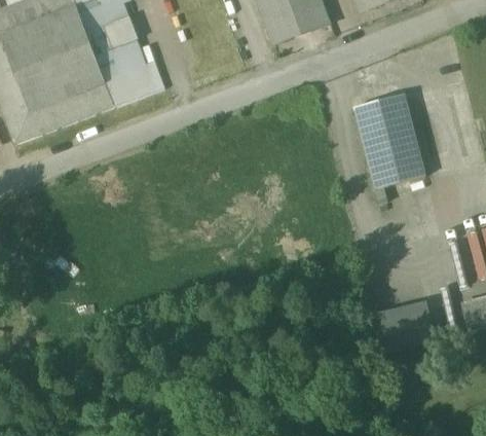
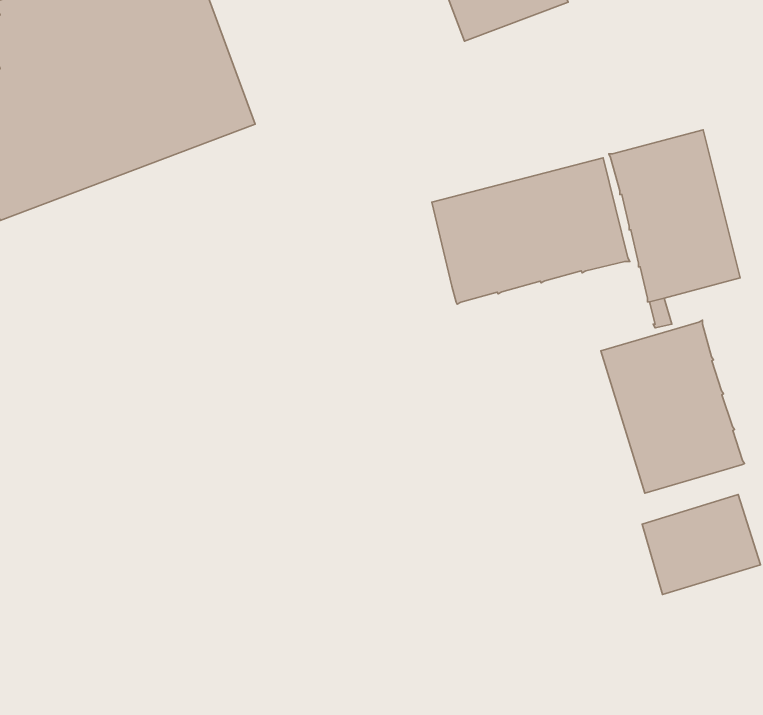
building: none -> [432,158,630,304]
building: none -> [601,320,744,493]

